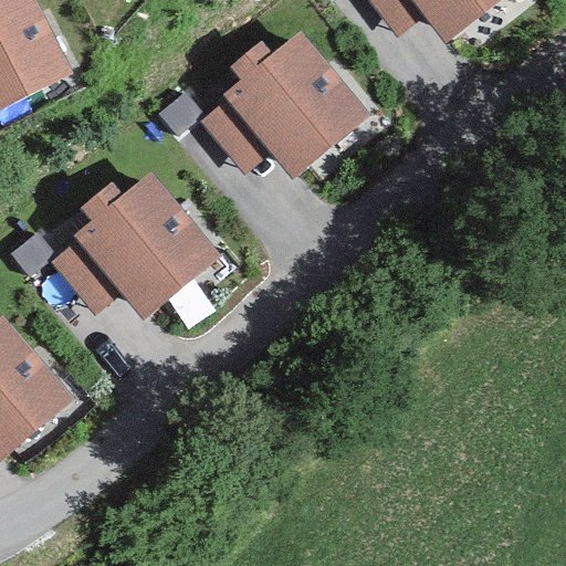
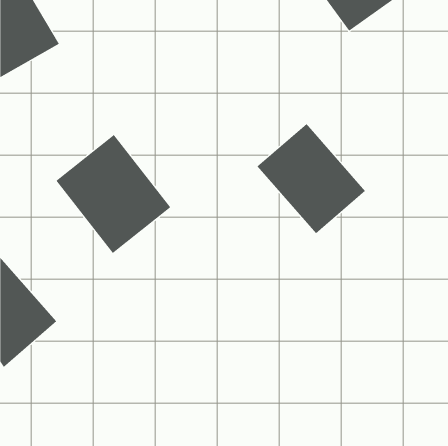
building: [230,35,368,175] -> none
building: none -> [257,123,366,234]

